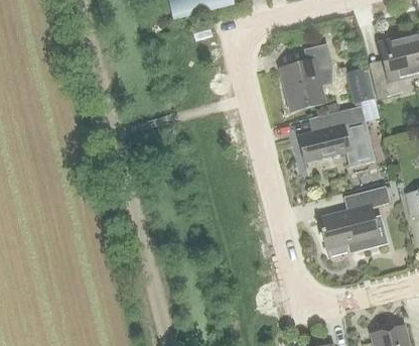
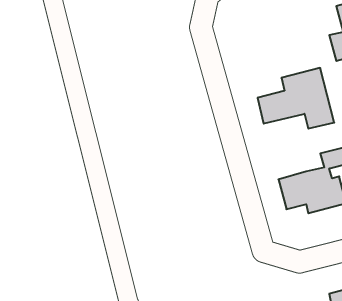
building: [281,43,332,109] -> none
building: [345,67,374,103] -> none

